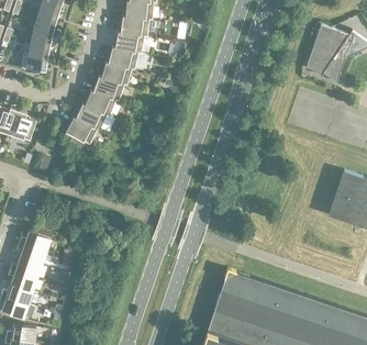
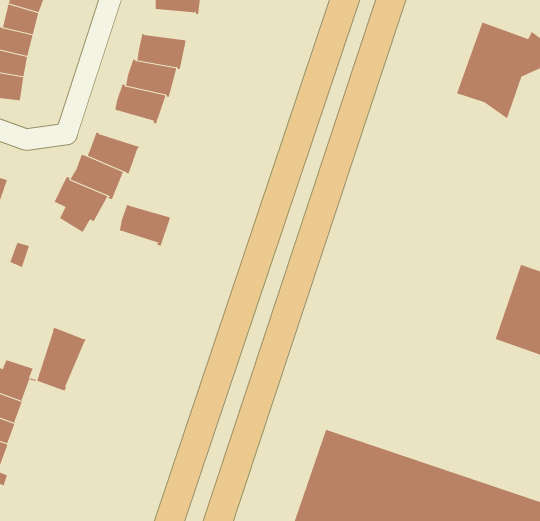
building: [119,18,148,37] -> none
building: [91,77,123,102] -> [117,204,170,246]
building: none -> [37,327,87,391]

